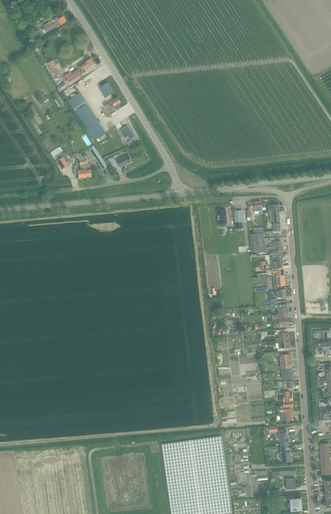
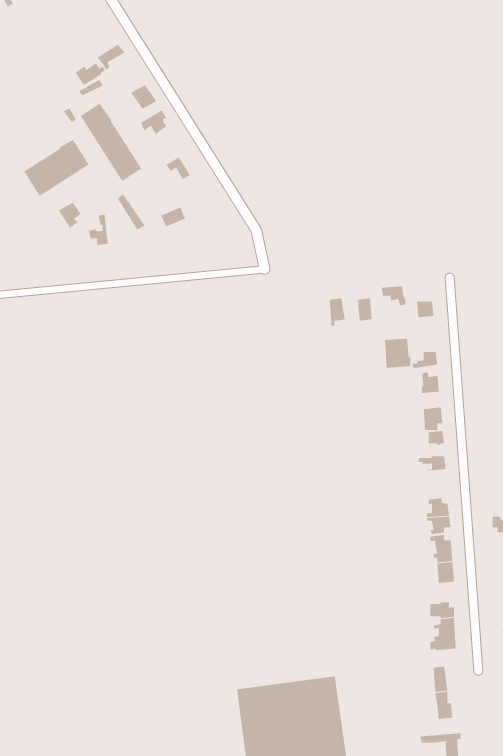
building: none -> [24,139,89,197]

